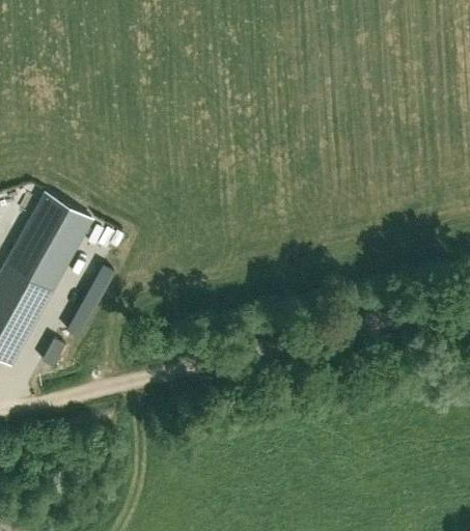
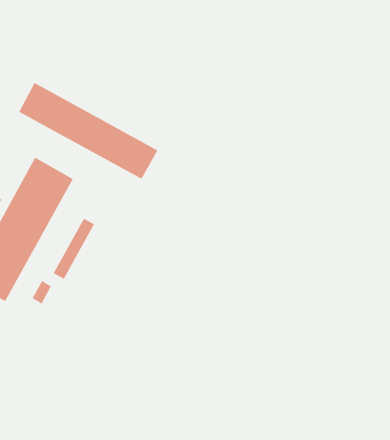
building: none -> [18,82,158,180]

